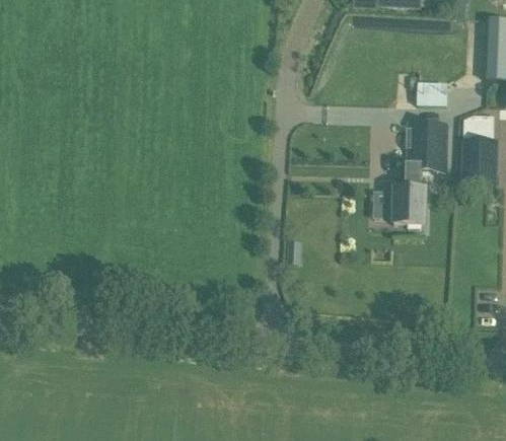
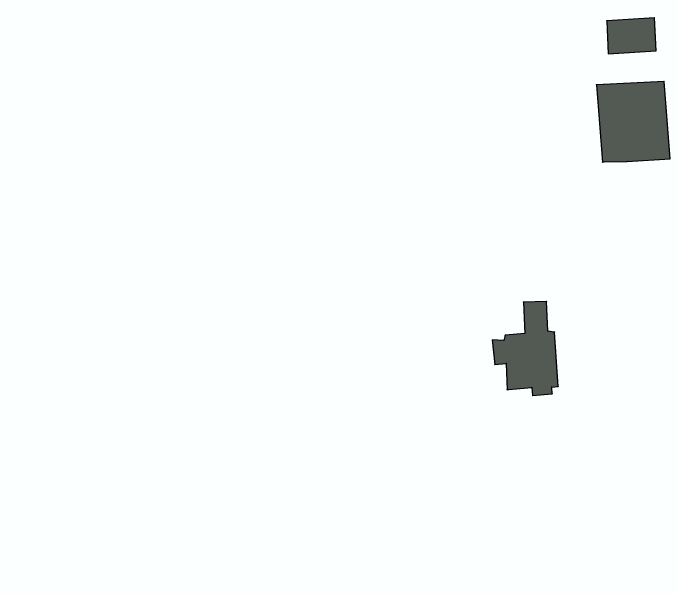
building: [385,168,424,226] -> [492,301,558,396]

